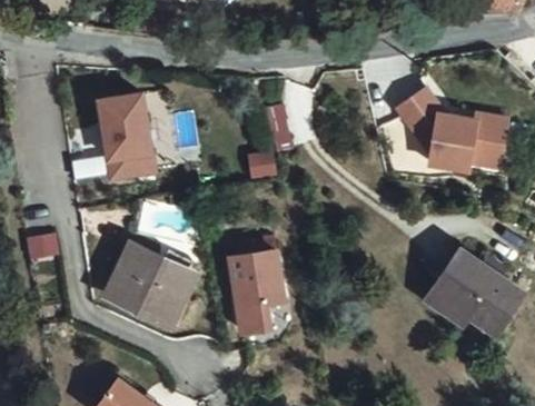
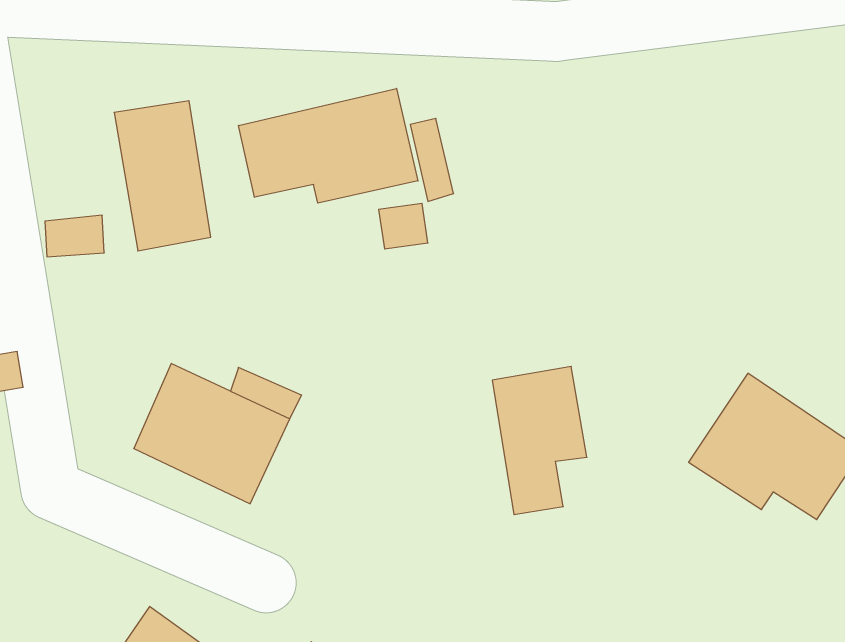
building: none -> [239,88,418,203]
building: [395,91,504,174] -> none
building: [232,248,286,331] -> [492,366,587,515]

